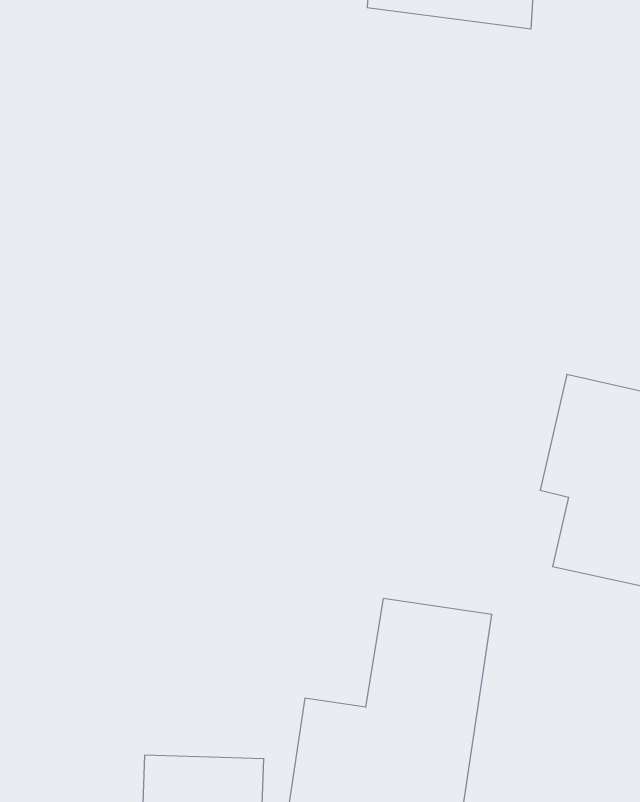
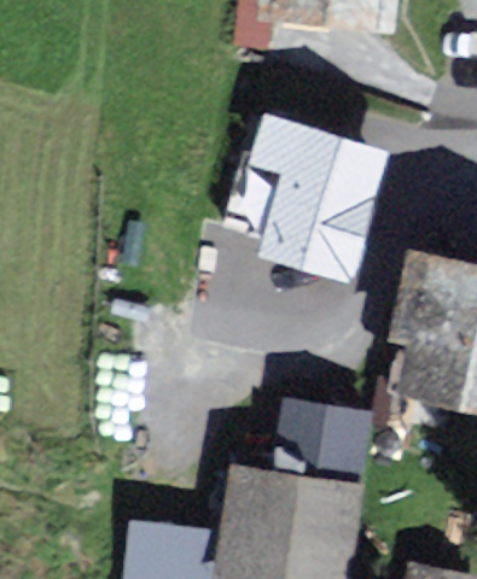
building: none -> [252,121,379,270]

